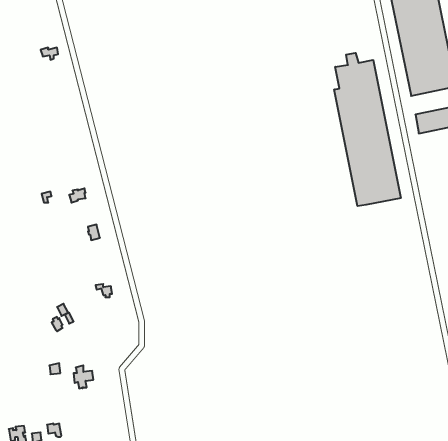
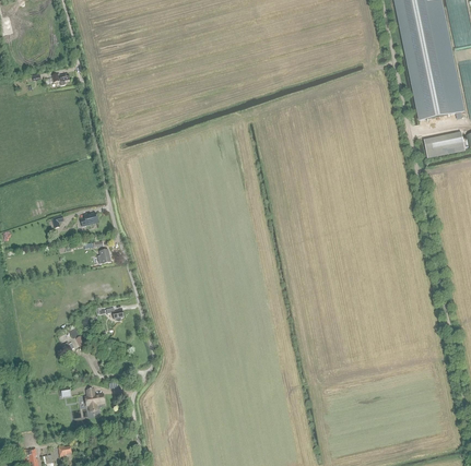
building: [334,53,401,206] -> none

